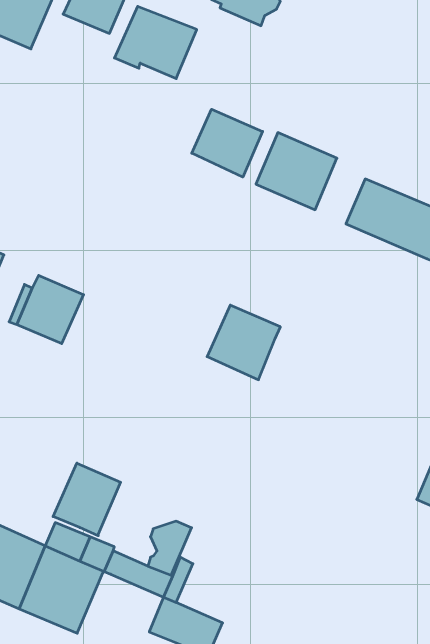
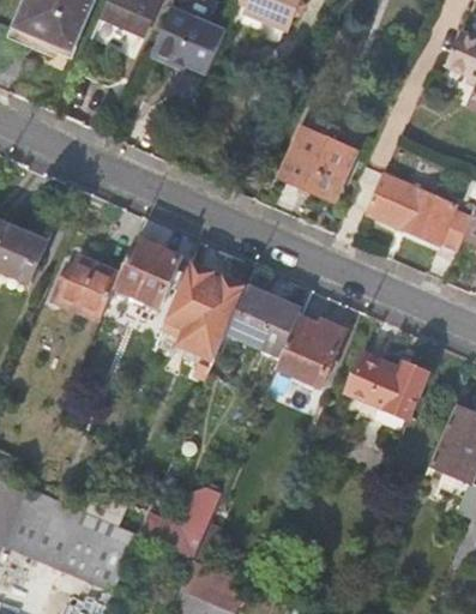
building: [192,109,263,177] -> none
building: none -> [114,236,182,308]
building: none -> [165,264,245,369]
building: none -> [276,318,343,386]
building: none -> [338,356,433,438]
building: [53,463,121,536] -> none

